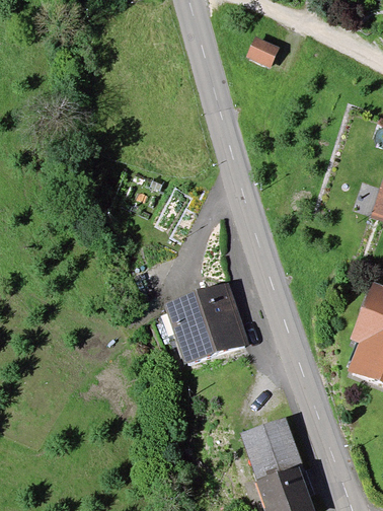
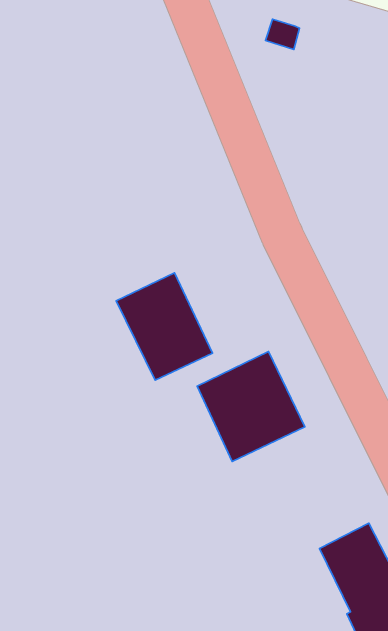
building: none -> [116,273,213,380]

